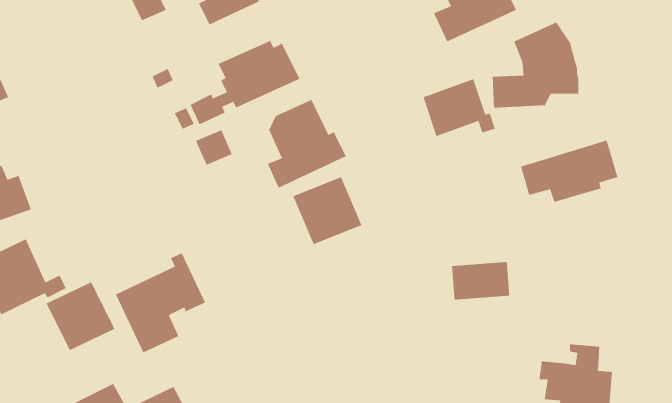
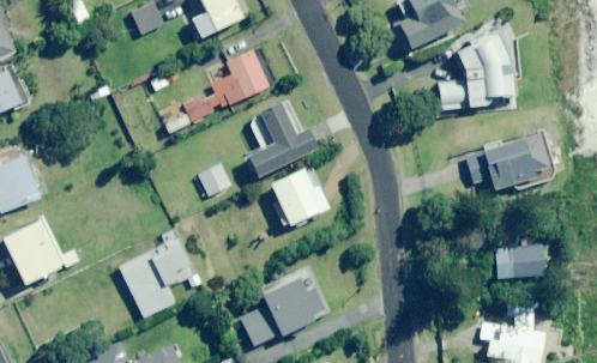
building: [422,78,496,137] -> none
building: [195,129,233,166] -> [198,165,230,196]
building: [451,261,510,301] -> [493,246,543,279]
building: [45,281,116,351] -> none
building: none -> [241,271,326,346]

